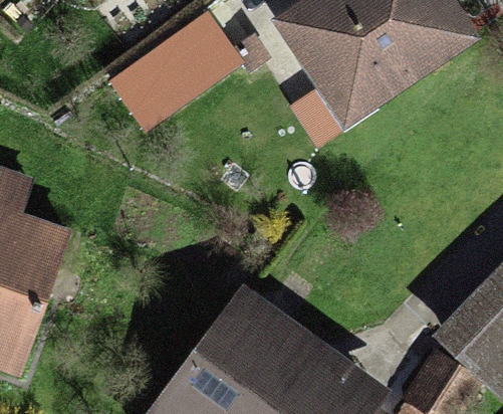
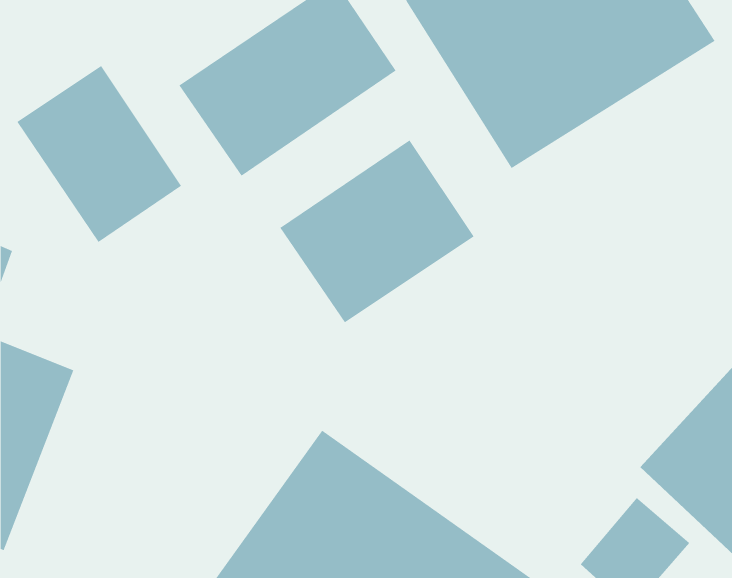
building: none -> [16,65,182,243]
building: none -> [280,140,474,323]

